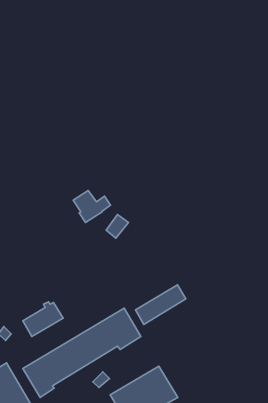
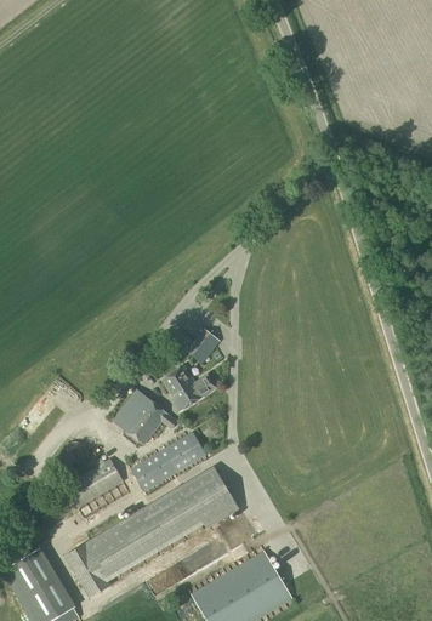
building: [73,190,110,223] -> [160,365,215,412]
building: none -> [112,389,176,445]
building: [136,285,186,325] -> [130,433,204,491]

